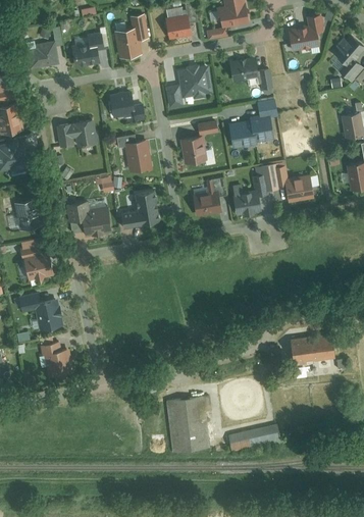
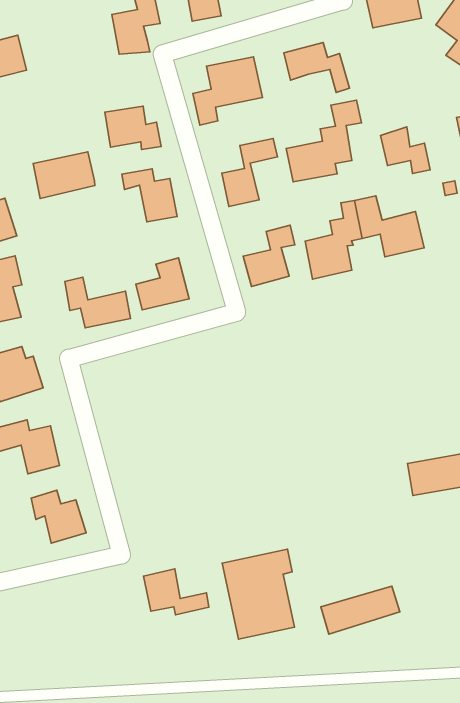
building: [69,28,107,67] -> none
building: none -> [381,127,430,173]
building: none -> [143,569,209,615]

